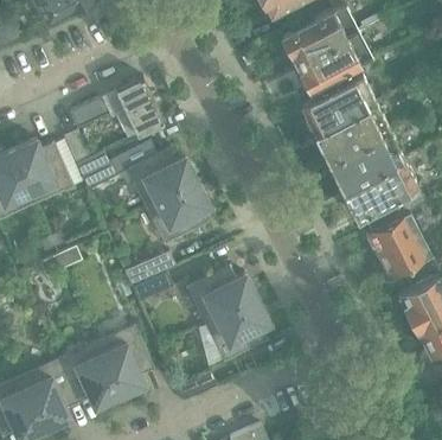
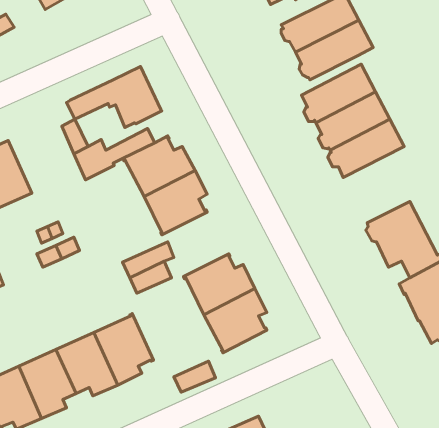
building: [11,139,73,203] -> none
building: [344,157,427,230] -> none

